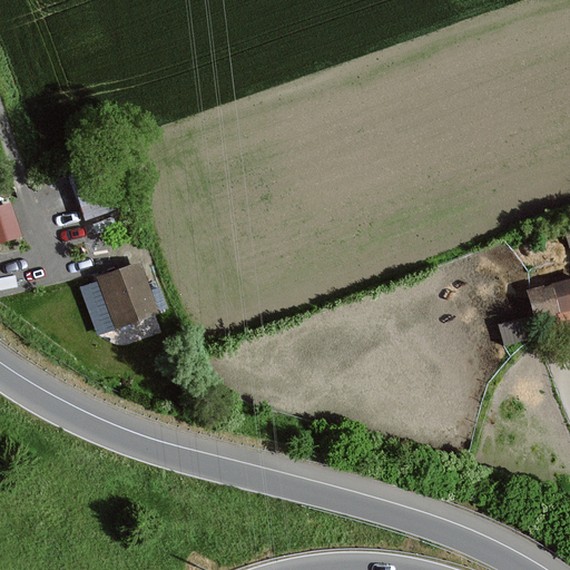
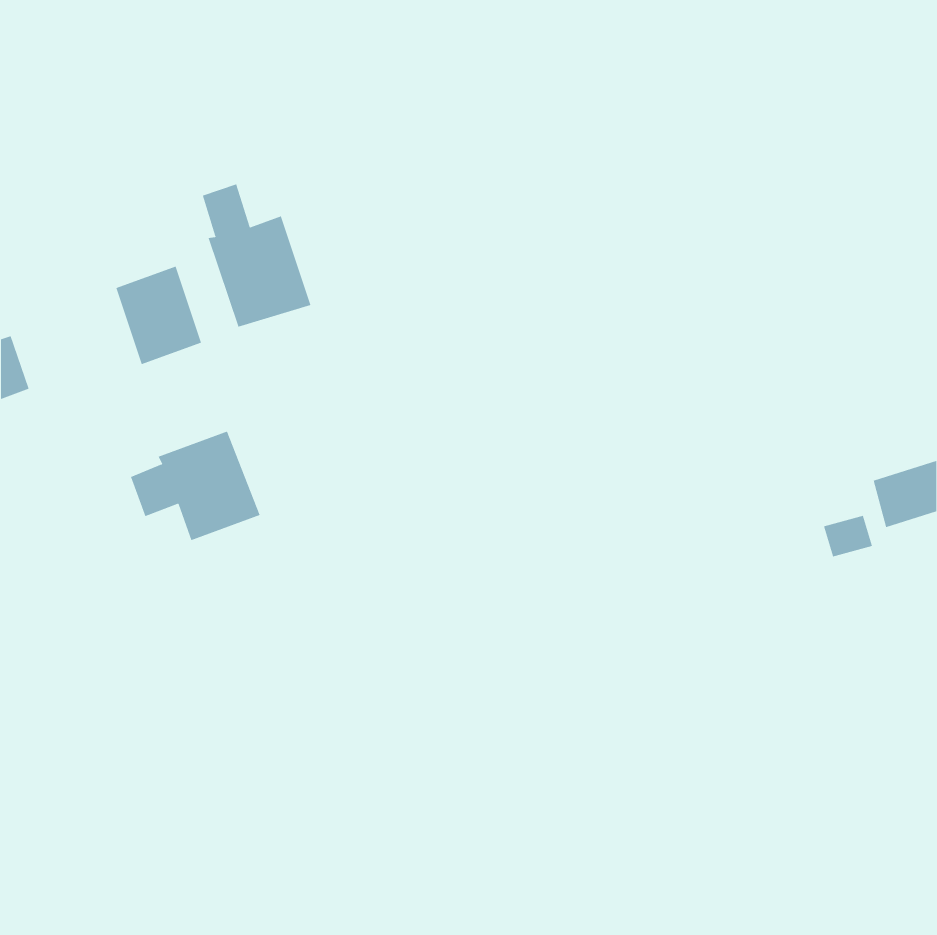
building: none -> [202,184,311,328]

